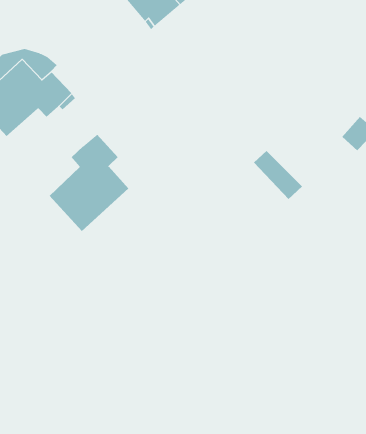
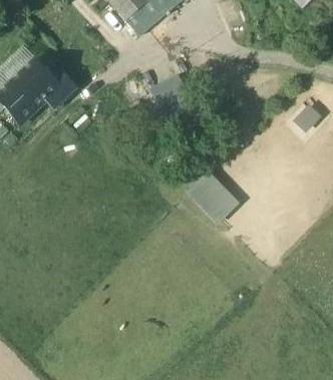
building: [49,134,129,232] -> none
building: [253,150,303,200] -> [191,177,232,219]

